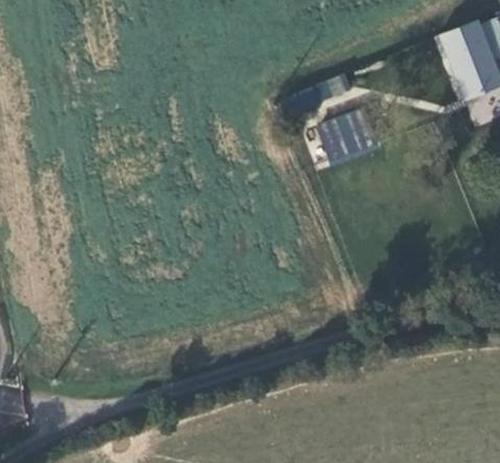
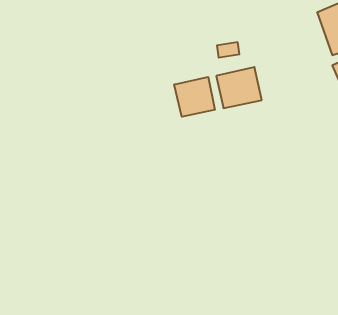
building: none -> [174,77,215,117]

